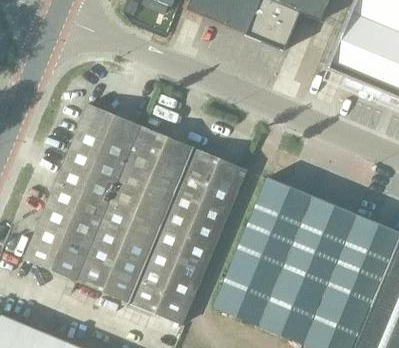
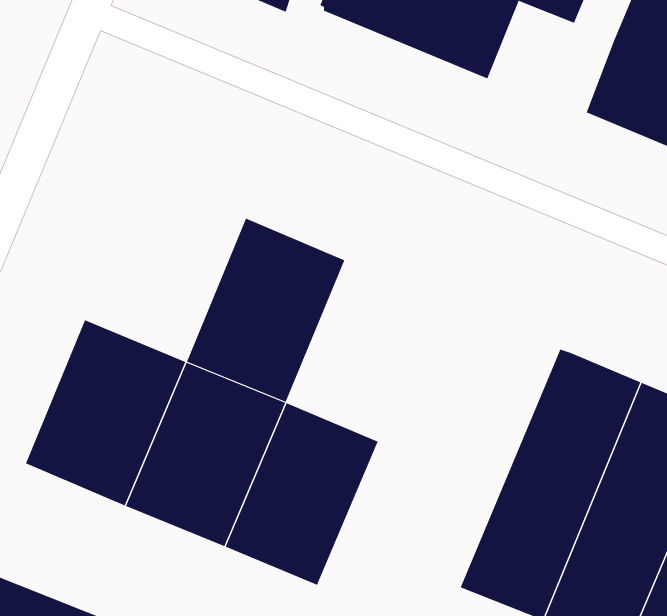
building: [56,104,143,204] -> none
building: [165,149,247,247] -> none
building: [215,178,313,326] -> none

